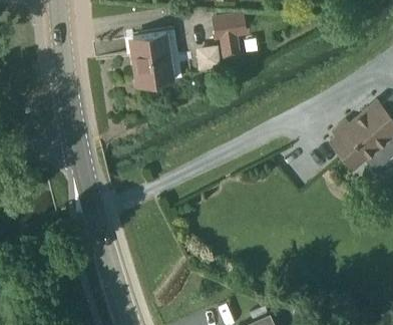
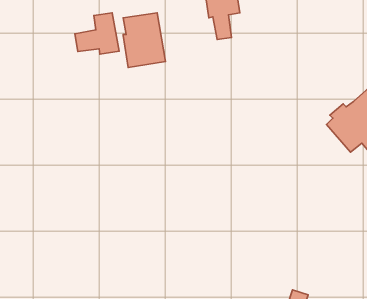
building: none -> [75,13,119,54]

